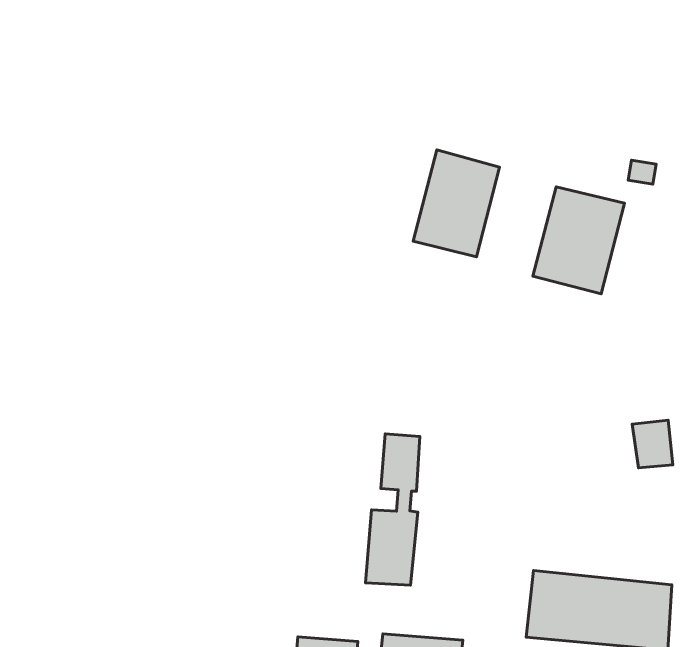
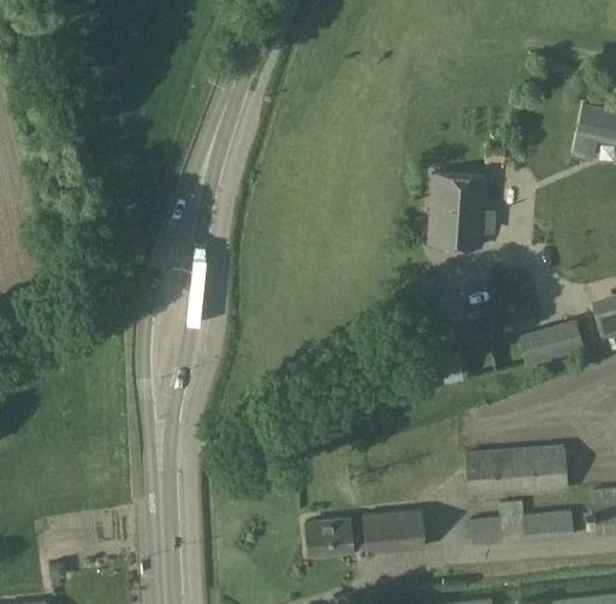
building: [413,150,499,257] -> none
building: [366,434,420,585] -> none

